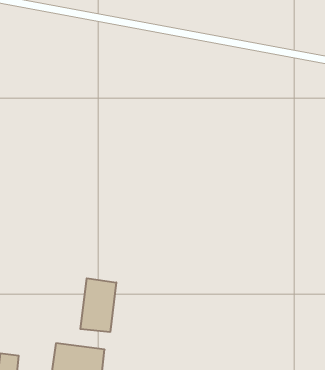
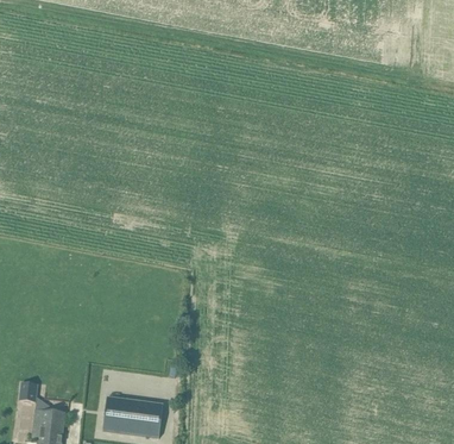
building: [80,278,116,332] -> none

